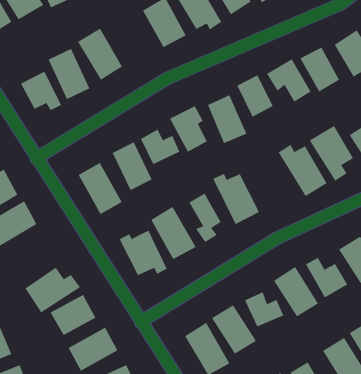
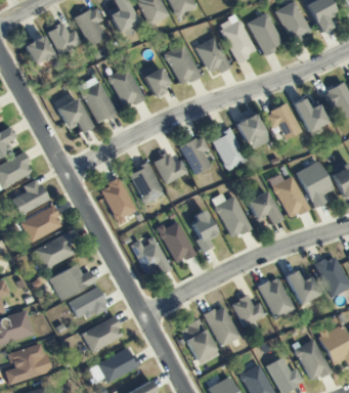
building: none -> [141,62,167,98]
building: none -> [247,190,281,225]
building: none -> [35,234,77,268]

